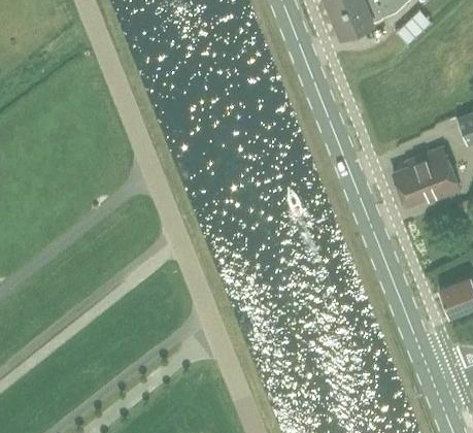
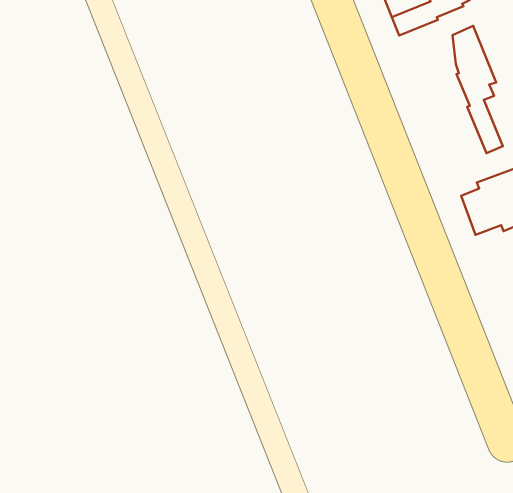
building: none -> [453,26,503,153]

